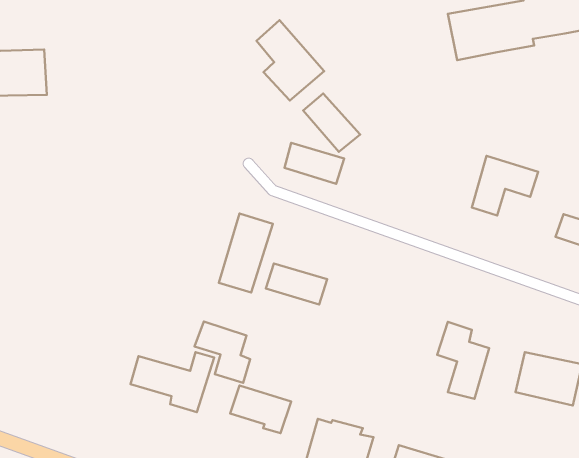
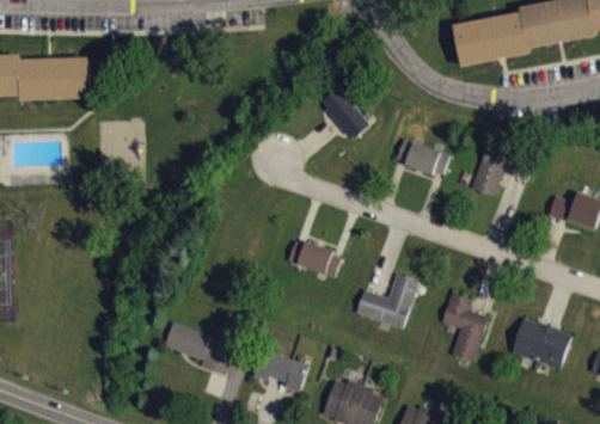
building: [256,20,324,101] -> none
building: [284,143,344,184] -> [396,141,449,178]
building: [219,213,273,292] -> none
building: none -> [355,276,418,330]
building: [195,321,250,383] -> none

